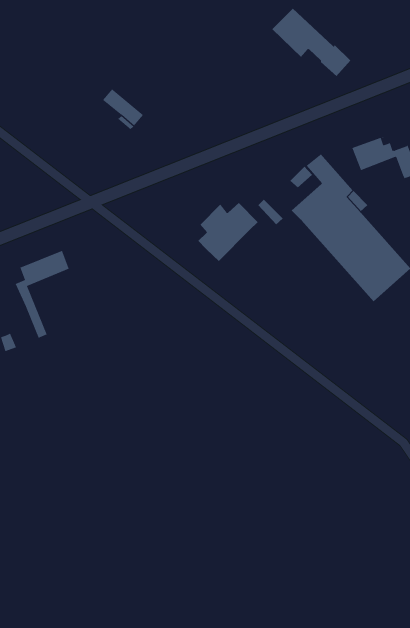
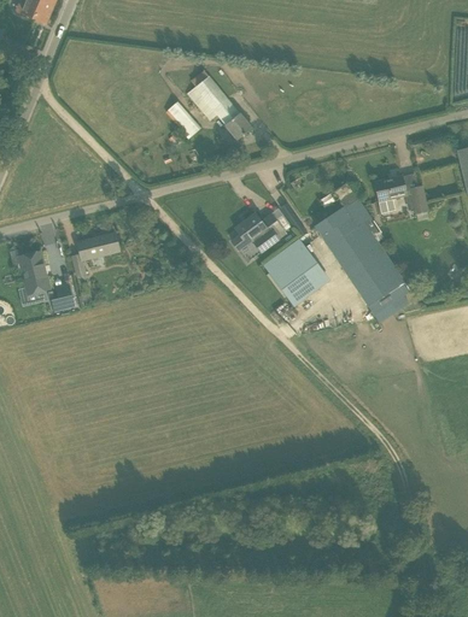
building: [272,8,351,77] -> [187,75,251,139]
building: none -> [262,237,328,305]

